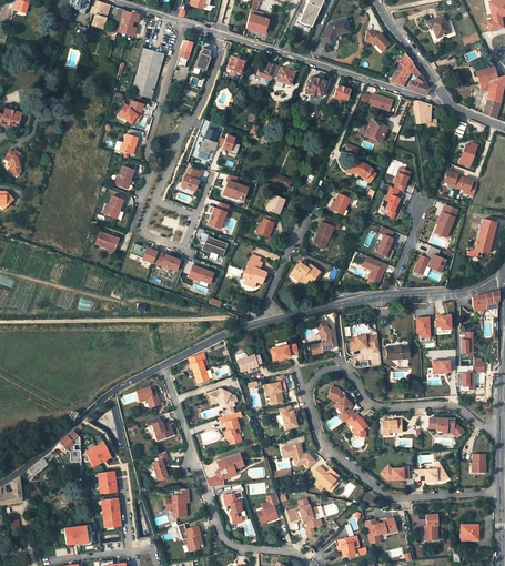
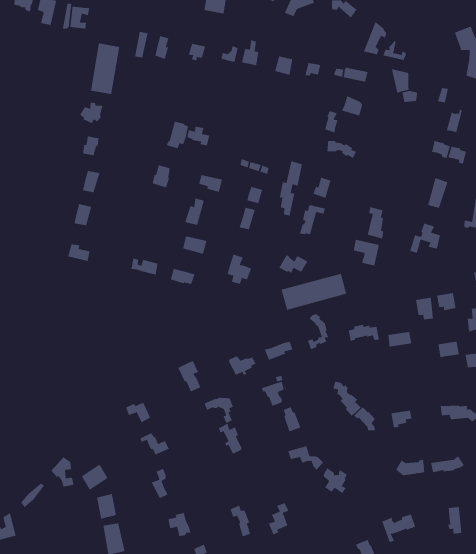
building: [385,166,411,219] -> [279,160,303,216]
building: none -> [281,273,347,311]
building: [206,454,243,487] -> none
building: [287,498,322,534] -> none

